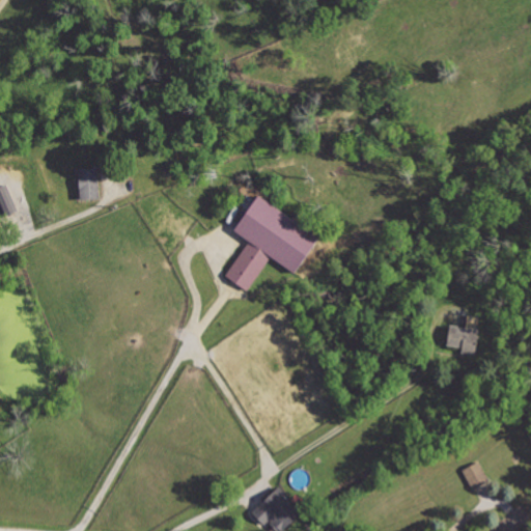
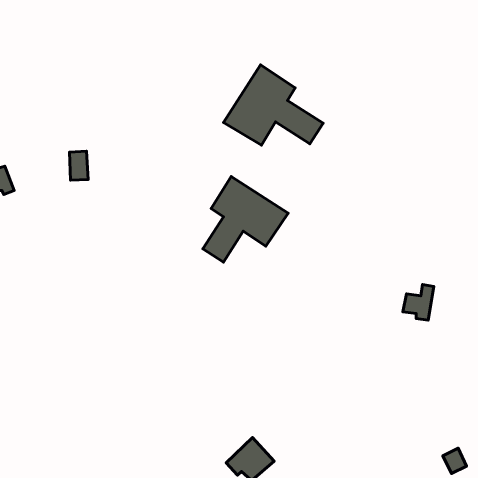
building: none -> [224,65,323,145]
building: [460,463,486,491] -> [443,448,466,474]

